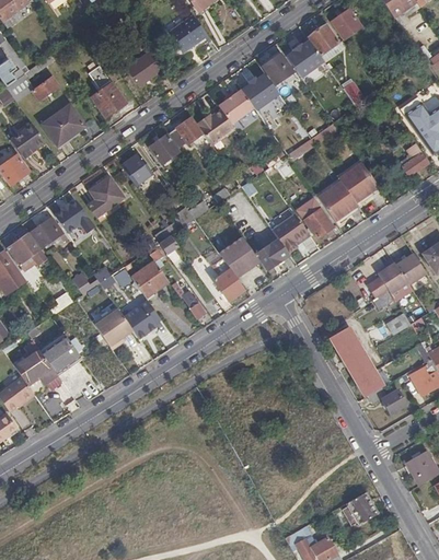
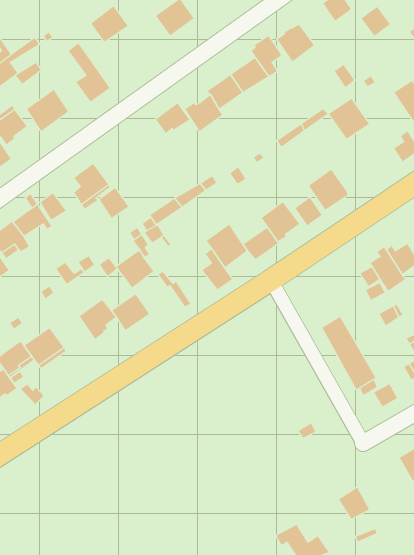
building: [309,25,338,55] -> [361,6,391,36]
building: [126,49,163,85] -> [90,6,129,43]
building: [149,135,178,164] -> none
building: [123,154,152,185] -> [99,187,129,219]
building: [338,163,379,203] -> [328,98,370,140]

